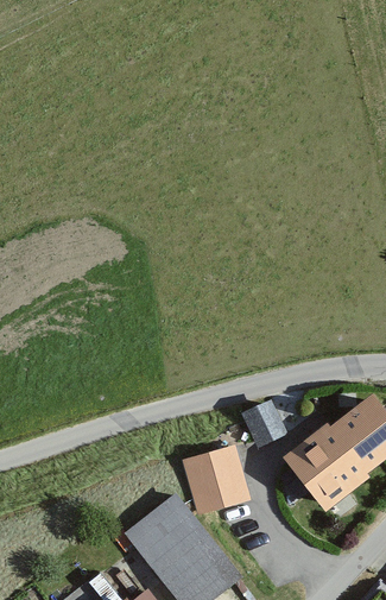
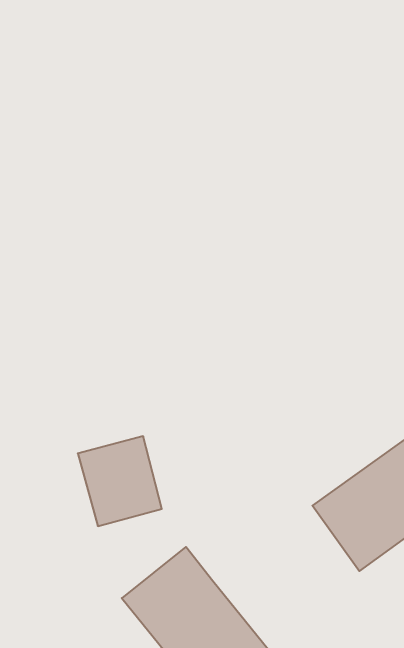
building: [242,399,286,446] -> none
building: [182,444,252,519] -> [78,436,162,526]

